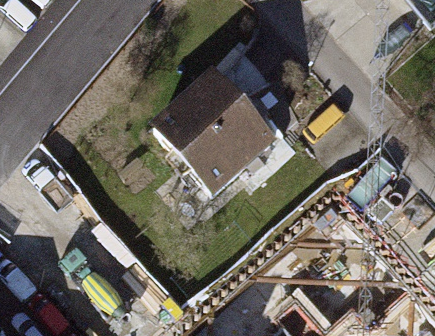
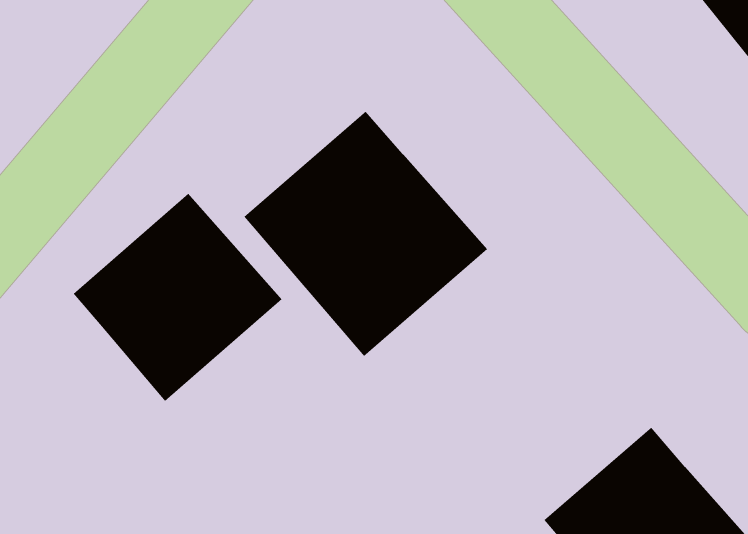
building: none -> [73,193,283,402]

